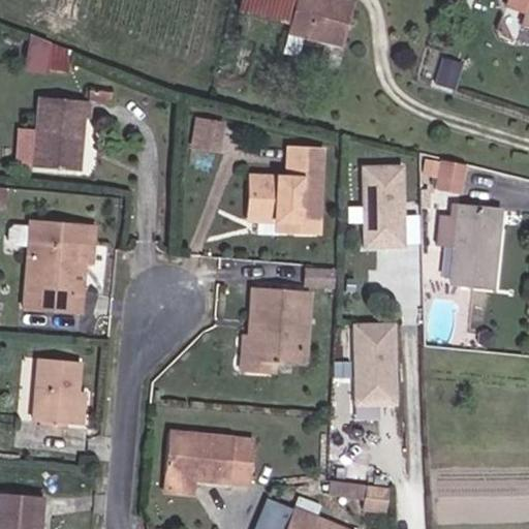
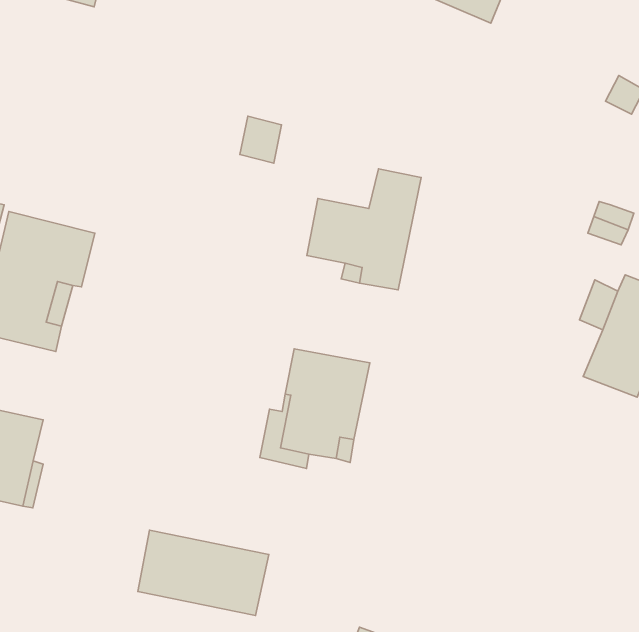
building: [34,106,88,178] -> none
building: [365,164,408,246] -> none
building: [348,323,392,405] -> none

